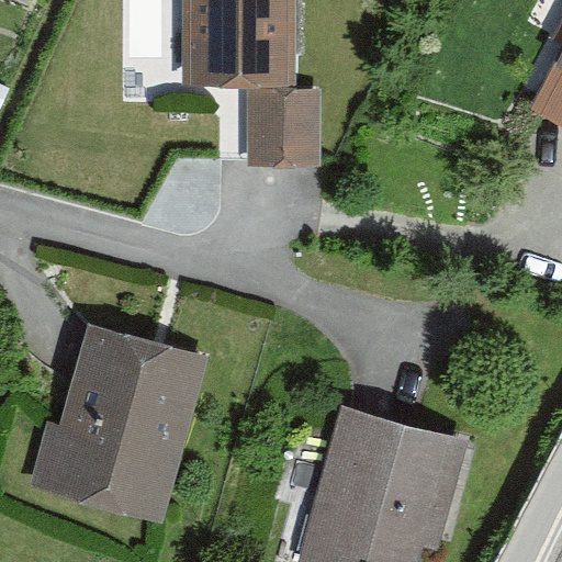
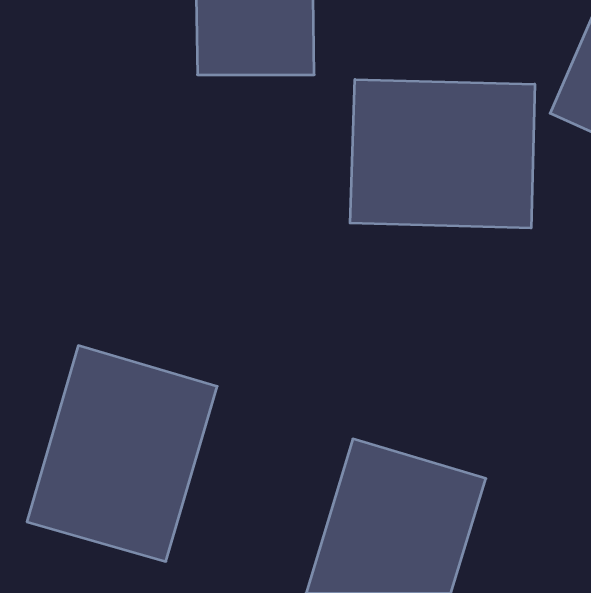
building: none -> [350,79,535,228]
building: [254,78,325,157] -> none

